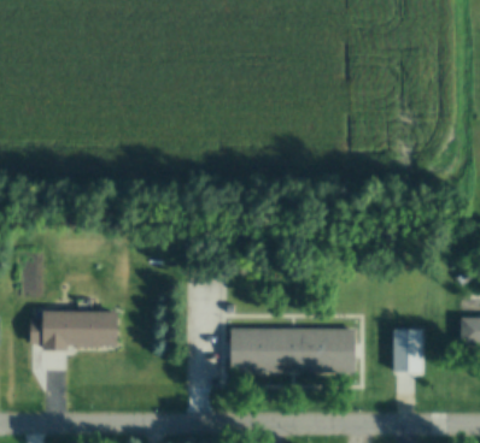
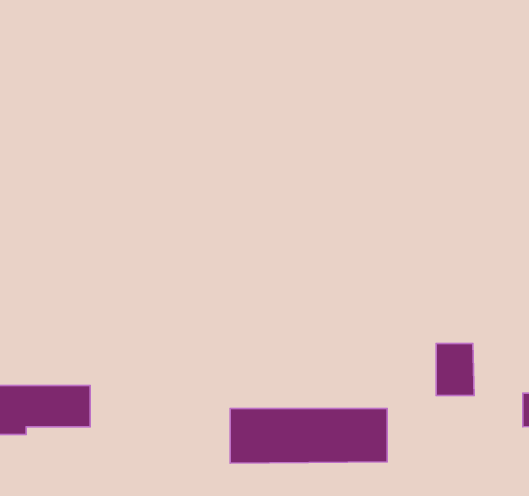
building: [394,330,425,371] -> [436,344,474,395]

